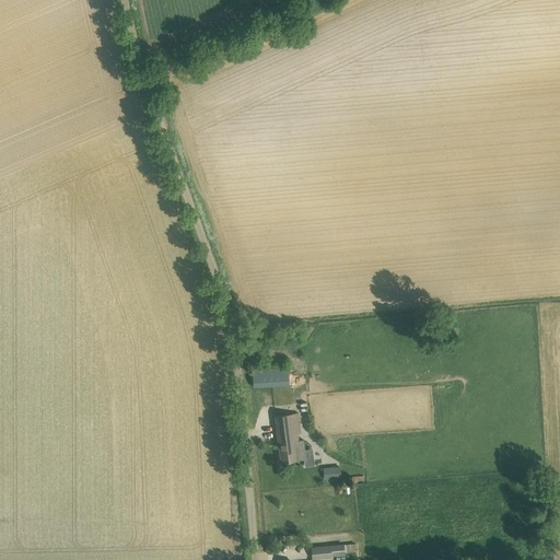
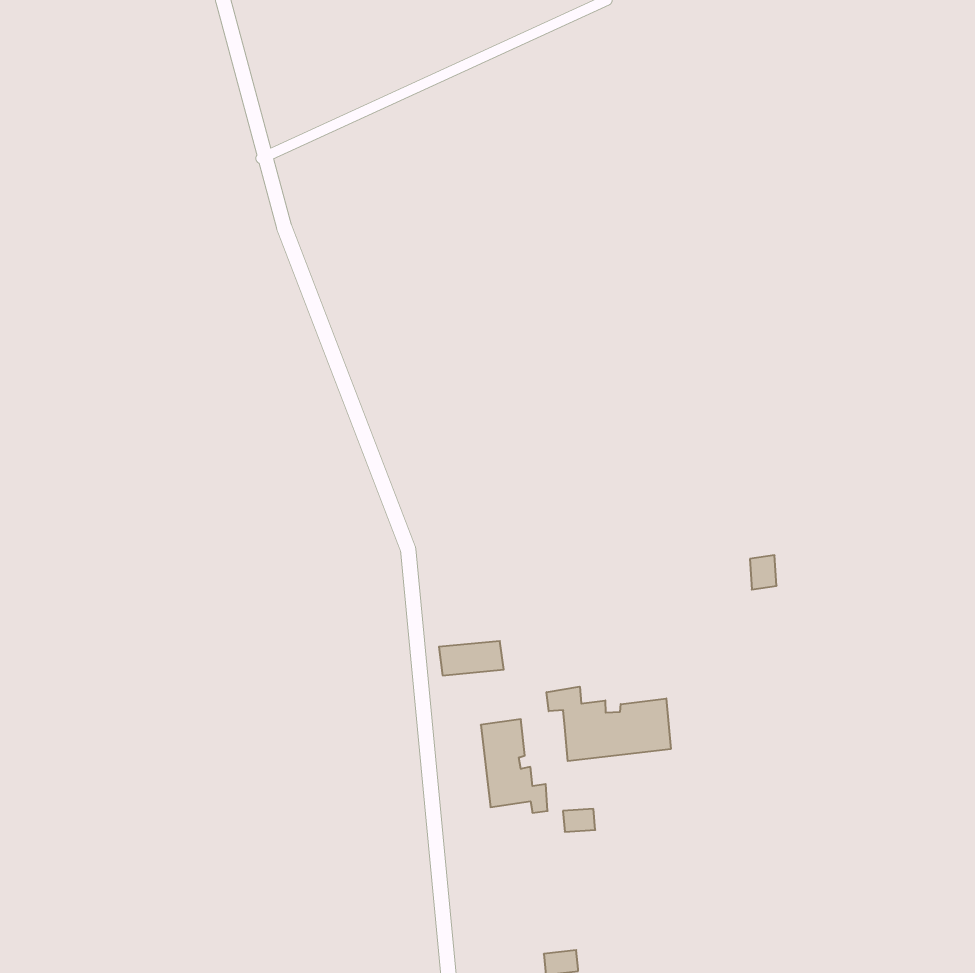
building: none -> [547,687,671,761]

